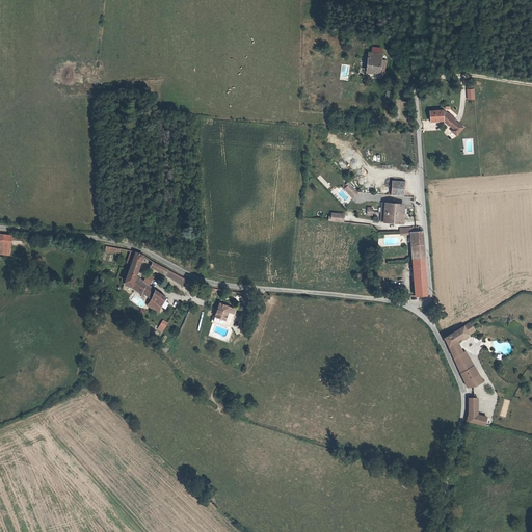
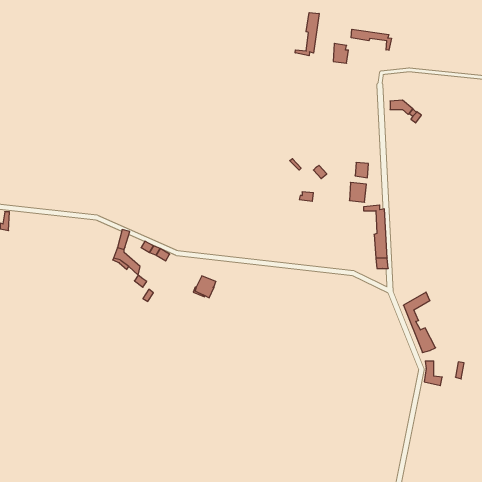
building: none -> [295,13,319,56]
building: none -> [351,29,391,50]

